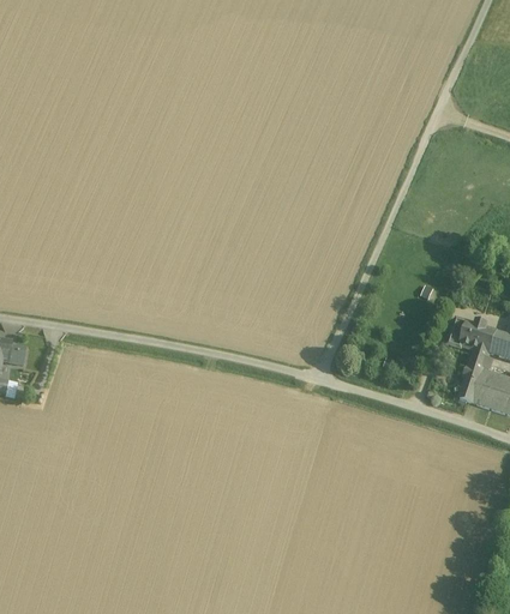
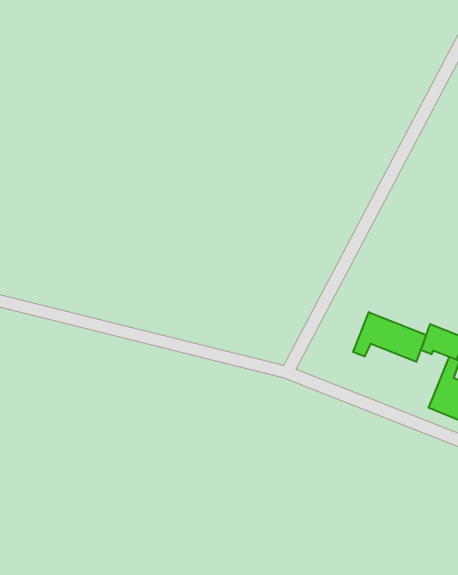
building: none -> [353,312,426,362]

